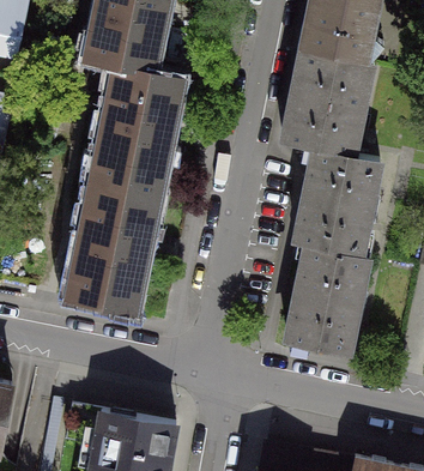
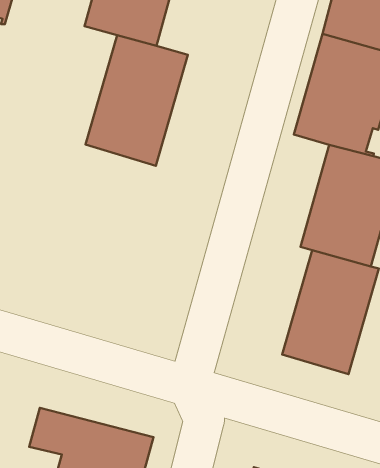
building: [69,165,160,310] -> none

